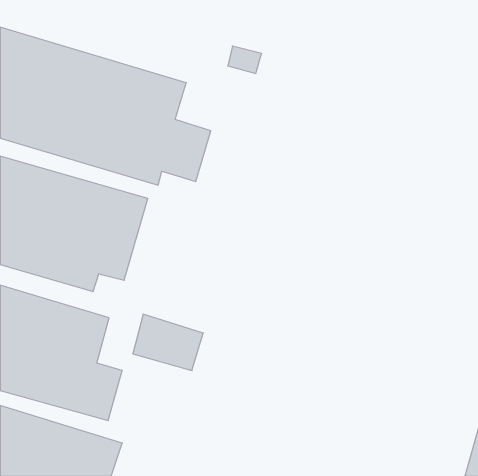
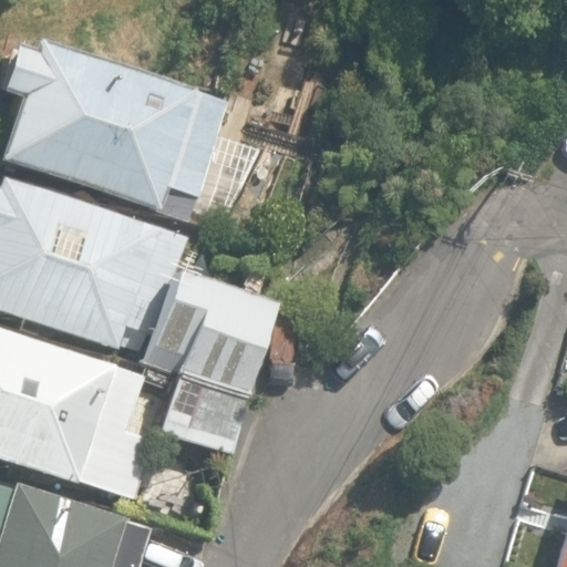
building: none -> [151,269,284,388]

